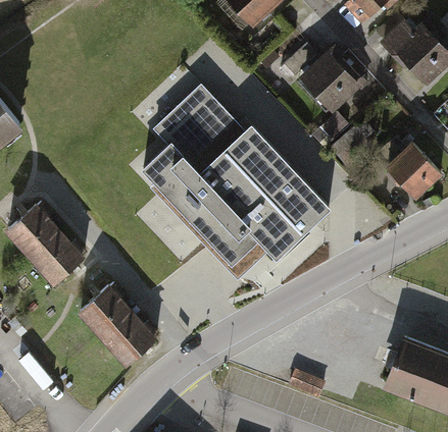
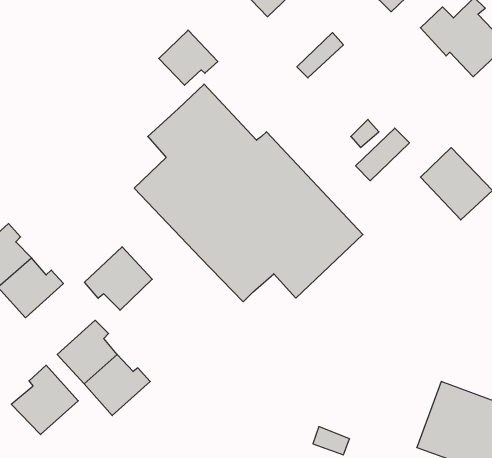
building: none -> [159,30,218,85]
building: [299,53,361,114] -> none
building: none -> [85,247,152,310]
building: none -> [11,365,78,435]

